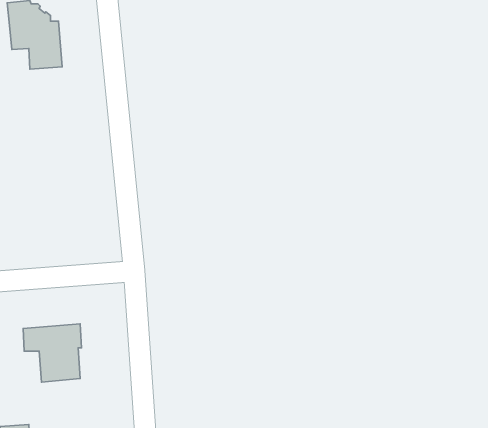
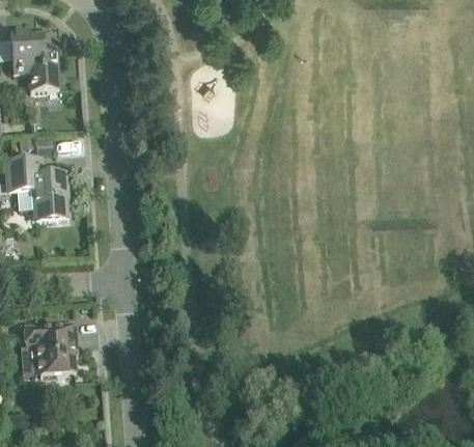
building: none -> [5,159,65,219]

